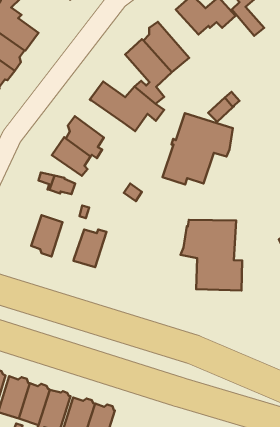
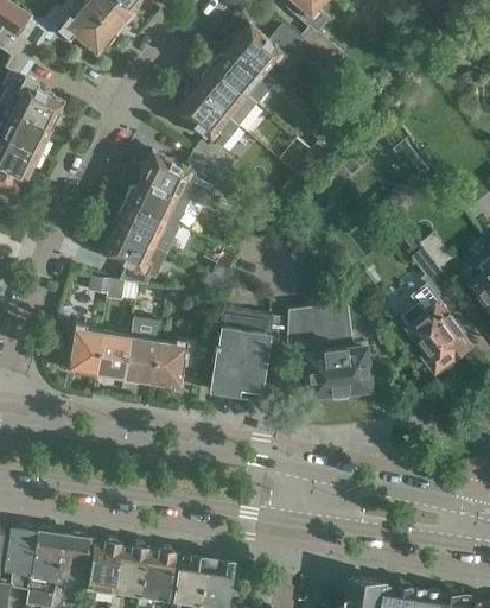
building: none -> [210,50,274,107]
building: none -> [125,179,186,226]
building: [163,113,233,184] -> [208,309,286,398]
building: none -> [66,324,102,375]
building: none -> [122,337,158,385]

